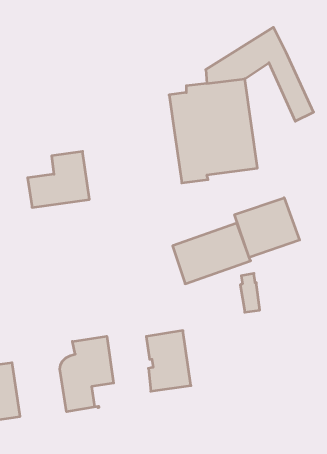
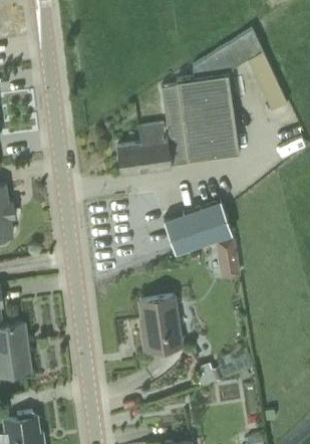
building: [28,151,89,207] -> [118,125,173,174]
building: [235,198,300,258] -> none
building: [60,336,114,412] -> none

